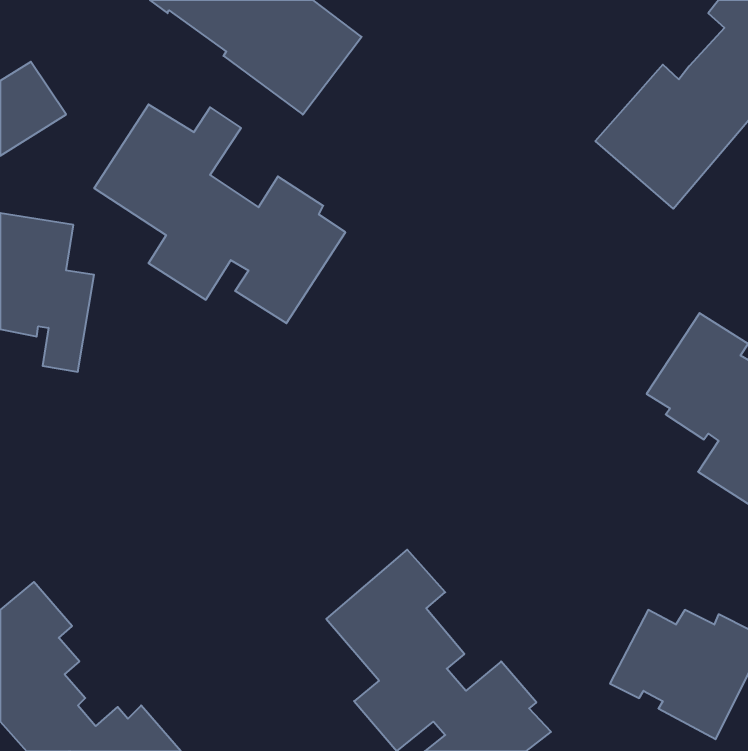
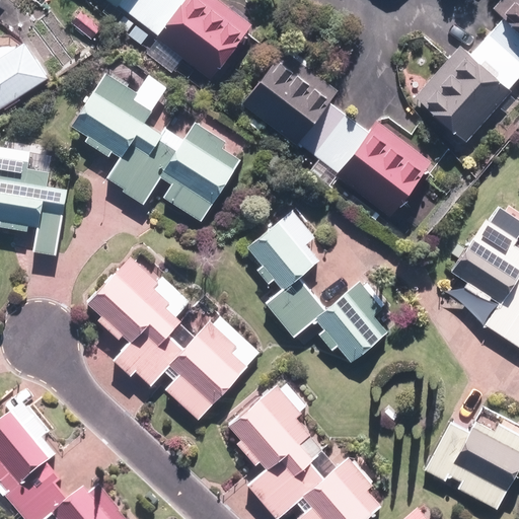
building: none -> [241,50,433,219]
building: none -> [244,208,386,363]
building: none -> [85,255,252,421]

